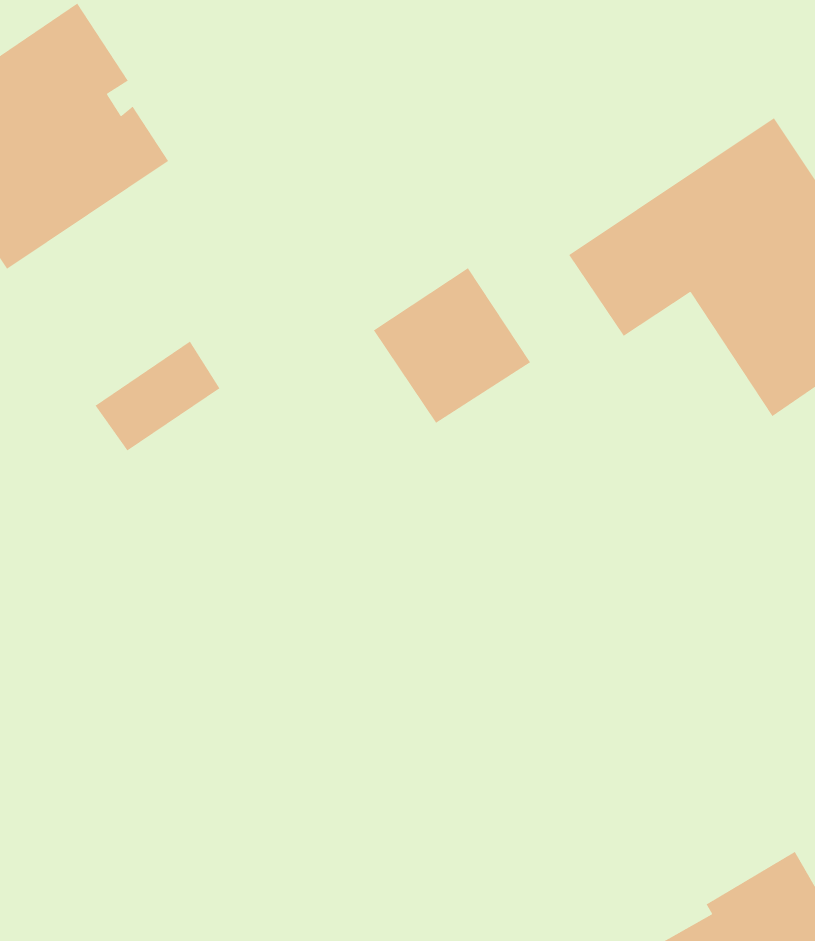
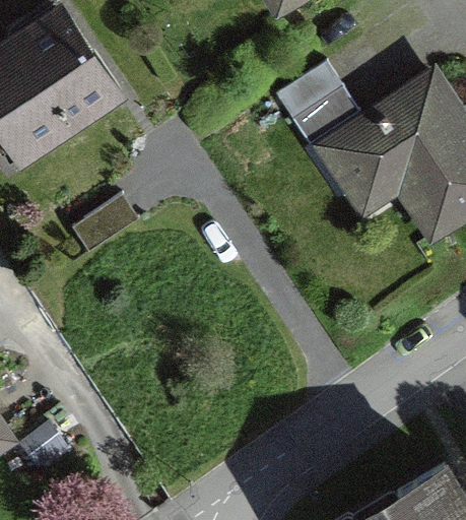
building: [373,267,531,424] -> [275,61,359,144]

